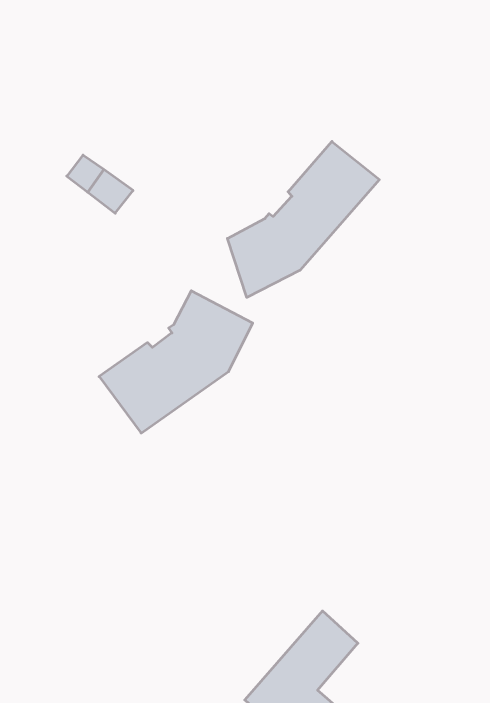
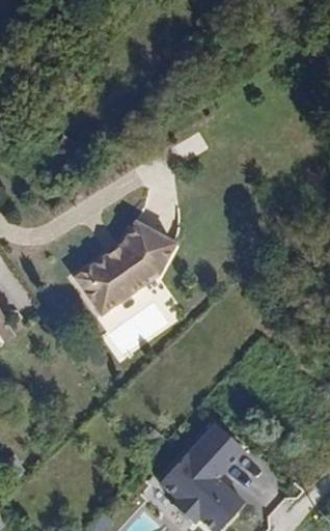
building: [227,141,379,297] -> none

